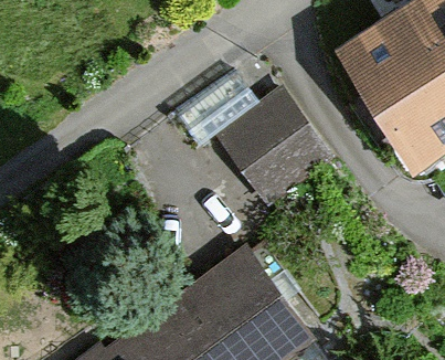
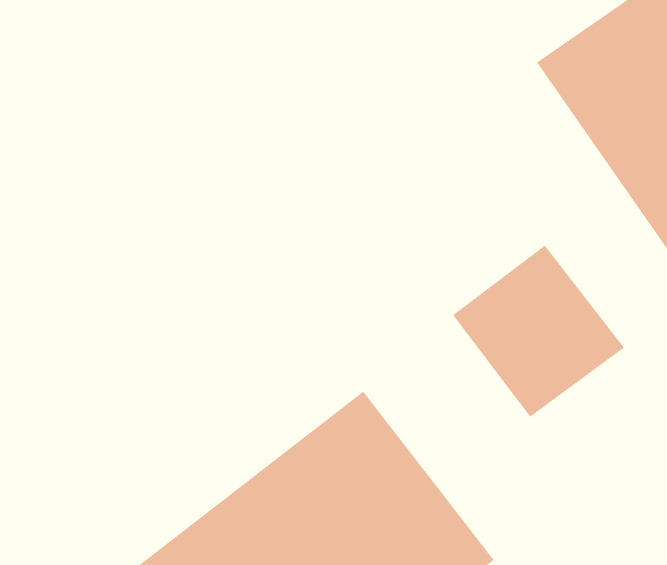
building: [216,94,317,194] -> [452,245,625,418]

